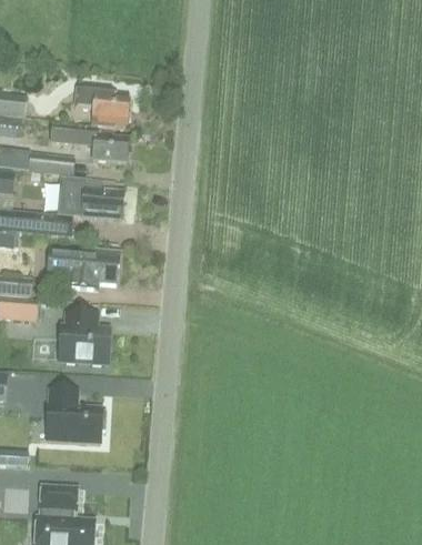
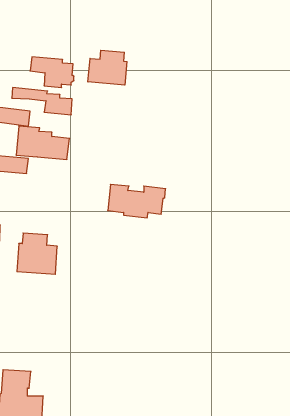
building: none -> [88,50,127,85]
building: [48,245,121,287] -> [108,184,166,218]
building: [48,386,104,440] -> none

